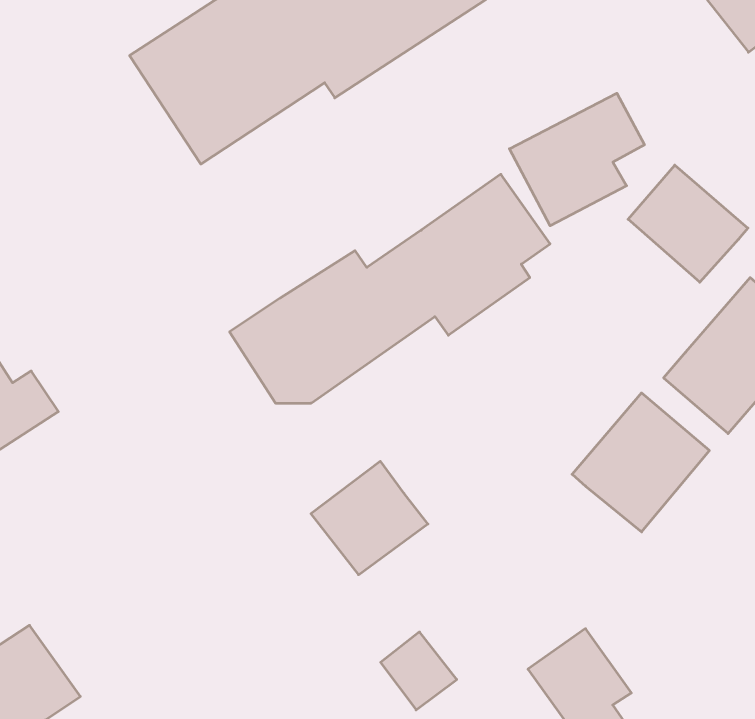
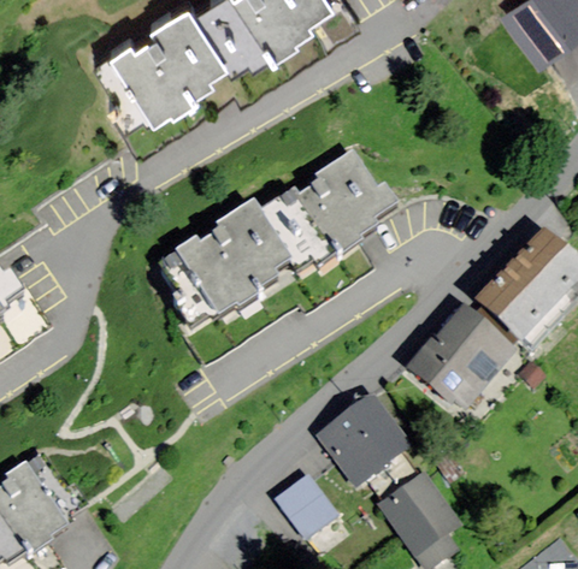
building: [509,93,644,226] -> none
building: [628,165,748,282] -> none
building: [311,461,428,575] -> [320,397,403,478]

